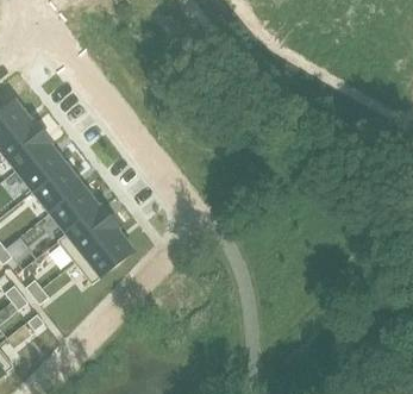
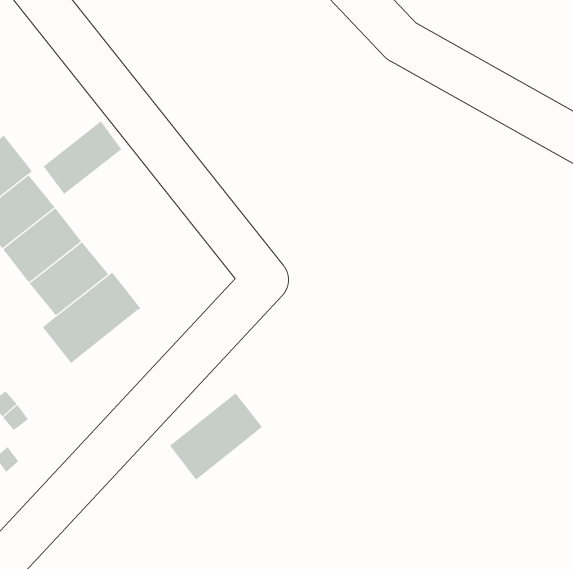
building: none -> [43,121,122,195]
building: [74,226,132,281] -> [169,392,263,480]

